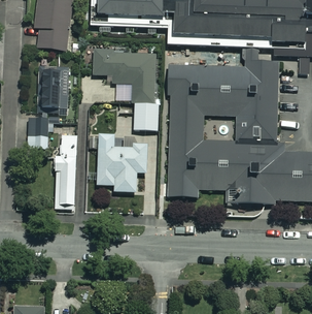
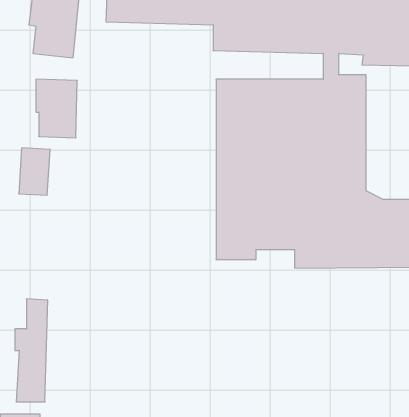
building: [93,48,158,129] -> none
building: [97,133,147,191] -> none
building: [53,134,76,209] -> [15,299,48,402]

